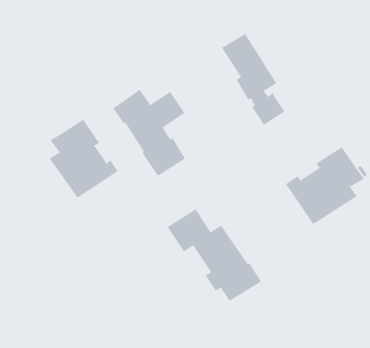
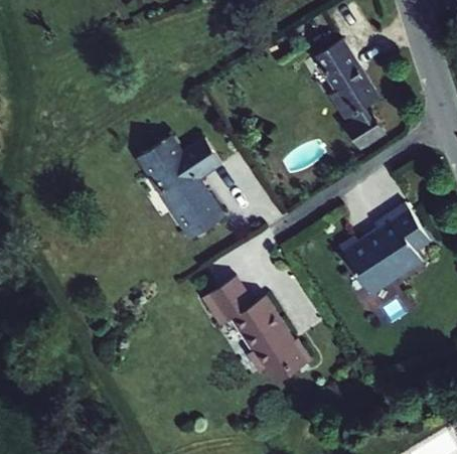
building: [221,33,285,125] -> [313,39,388,147]
building: [49,119,118,198] -> none

